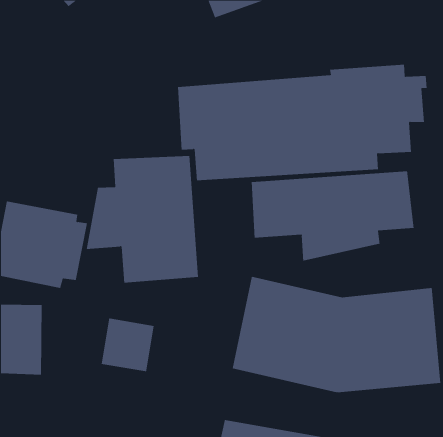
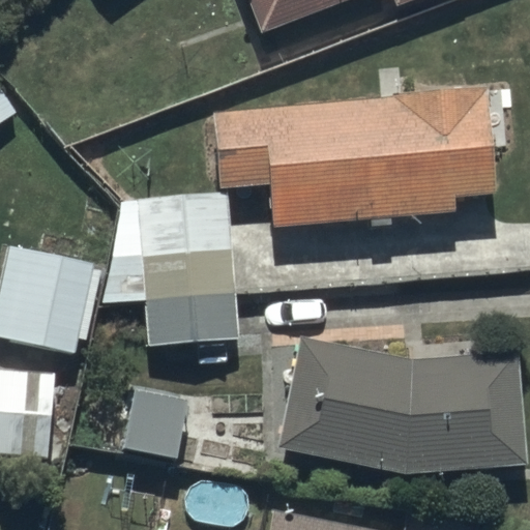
building: [251,170,414,262] -> none

